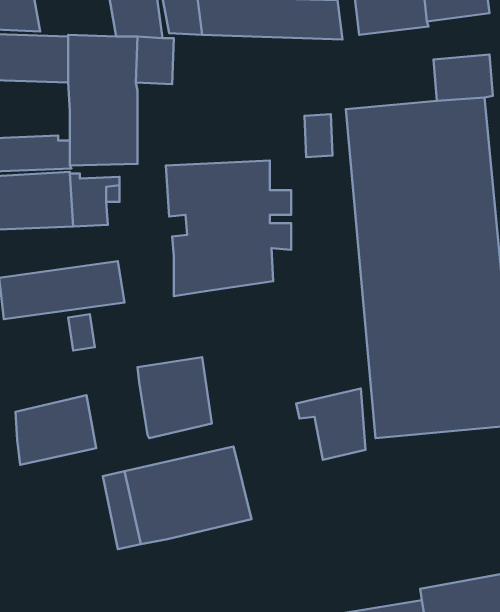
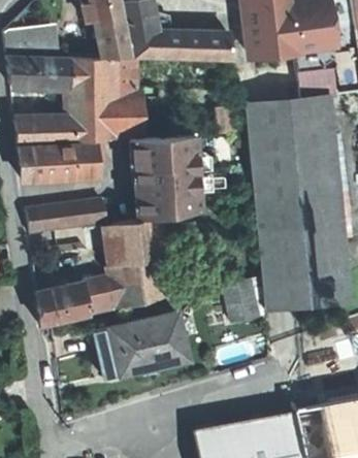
building: none -> [115,92,144,138]
building: none -> [108,218,162,265]
building: none -> [83,274,121,316]

